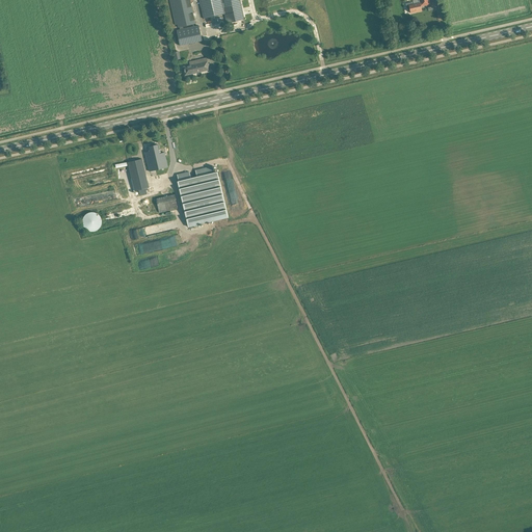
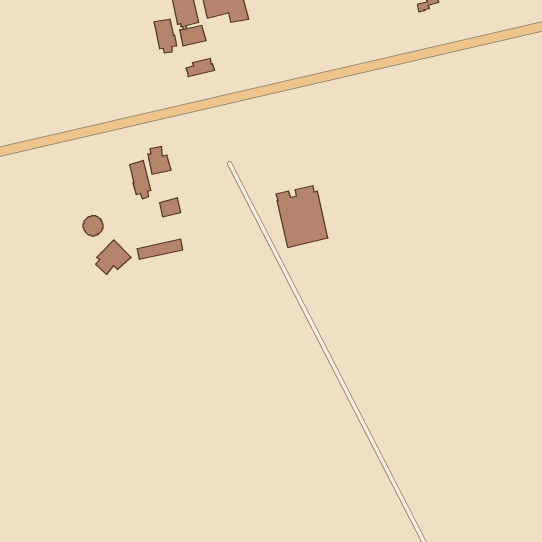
building: none -> [154,19,176,53]
building: [176,165,227,225] -> [276,186,328,247]
building: none -> [96,240,131,274]

